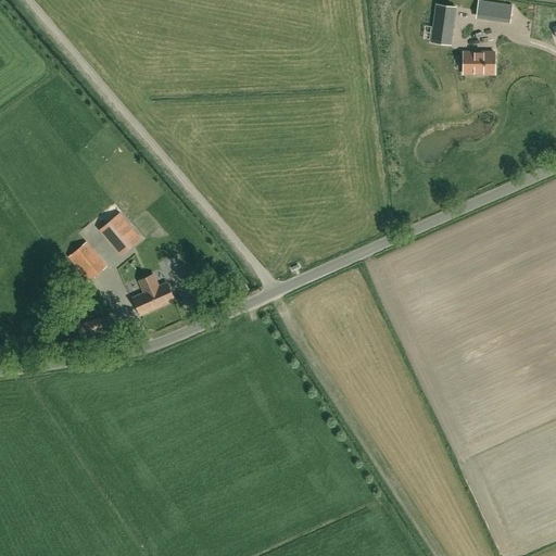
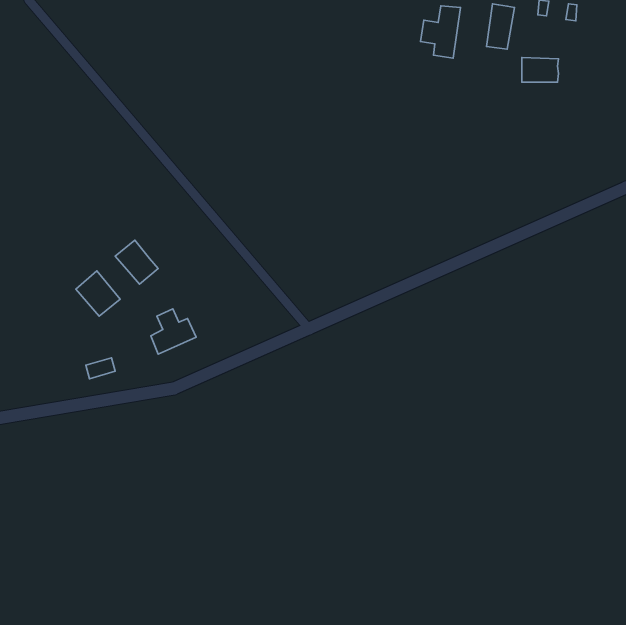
building: none -> [420,6,460,58]

